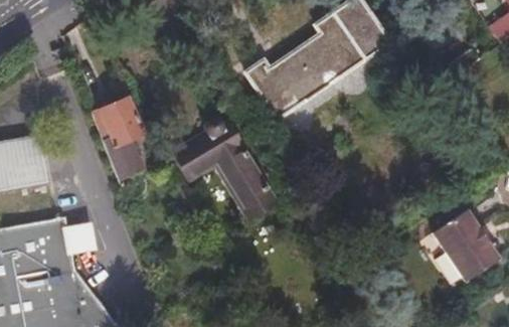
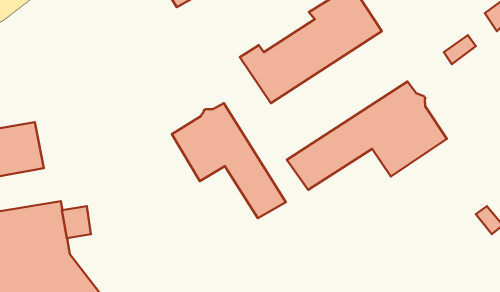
building: none -> [287,82,447,190]
building: [97,98,142,181] -> none
building: [425,211,491,282] -> none

